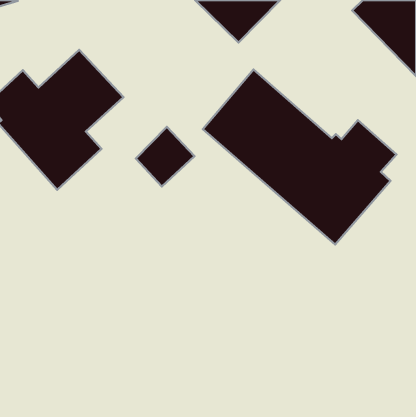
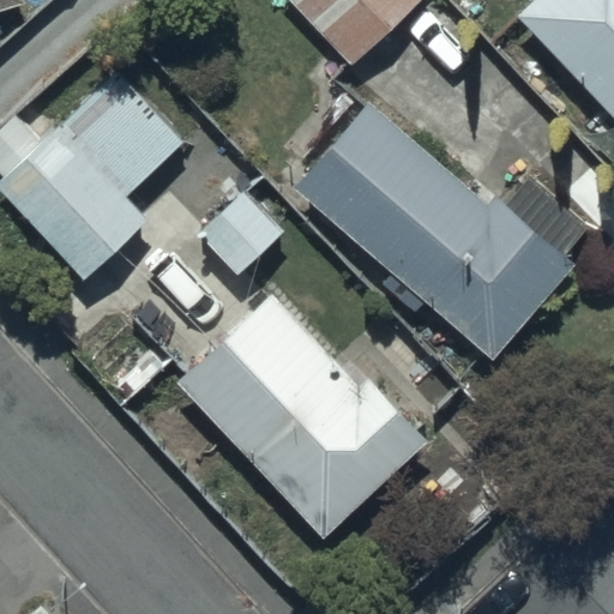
building: none -> [179,296,427,540]

